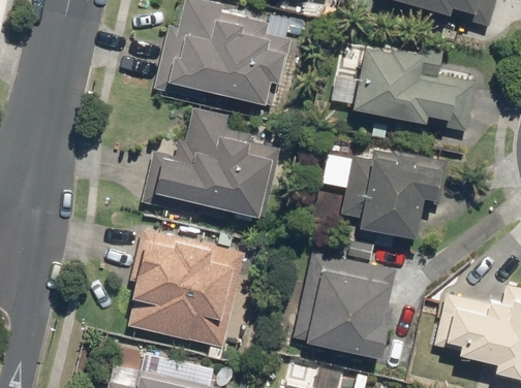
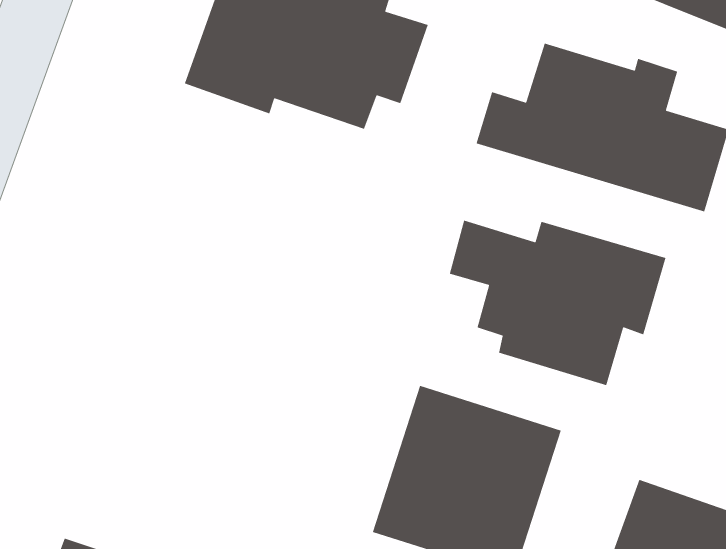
building: [143,107,283,228] -> none
building: [128,230,247,349] -> none

